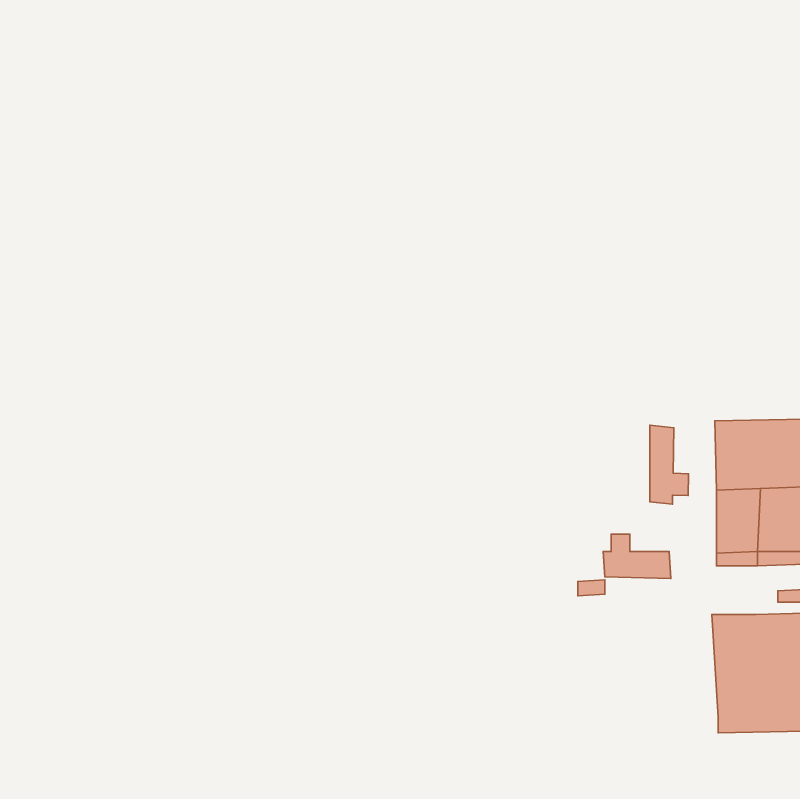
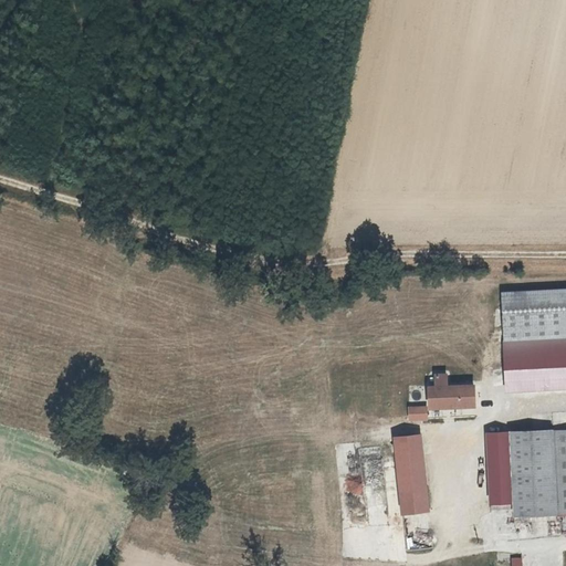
building: [650,425,688,504] -> none
building: none -> [484,431,507,504]
building: none -> [395,433,423,511]

